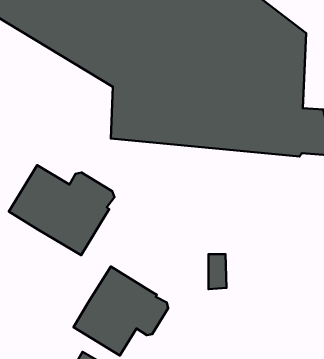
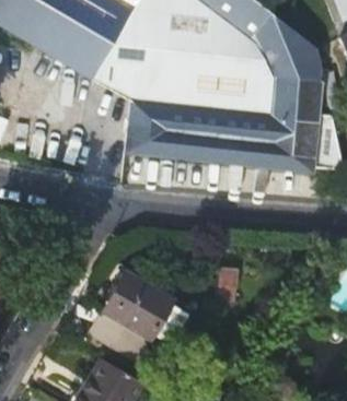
building: [9,165,114,255] -> none

